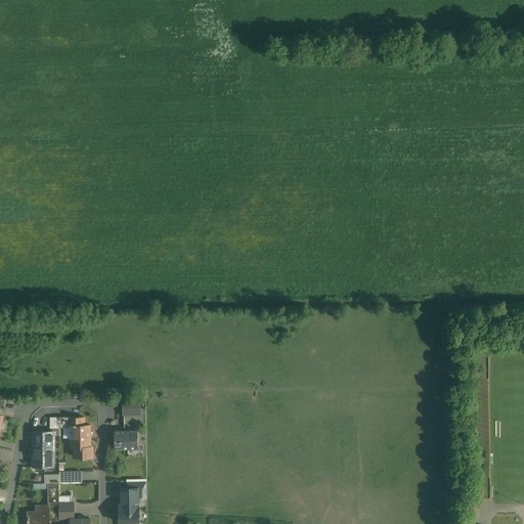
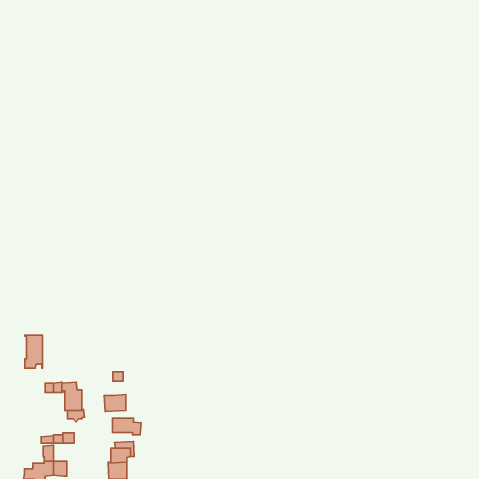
building: [33,432,52,468] -> [25,335,43,368]
building: none -> [112,418,141,435]

